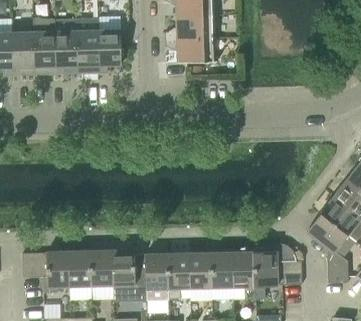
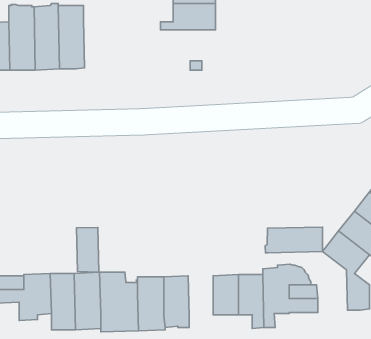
building: [99,30,123,72] -> none
building: [166,39,215,62] -> none
building: none -> [265,227,322,253]
building: none -> [76,227,99,272]
building: [190,253,212,288] -> none

